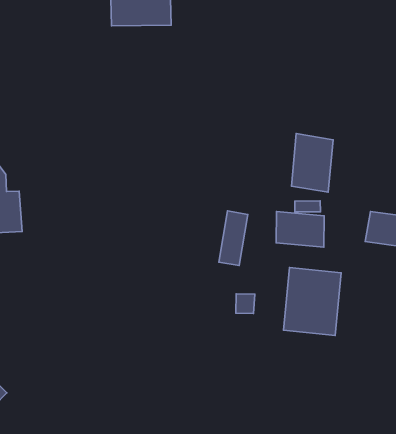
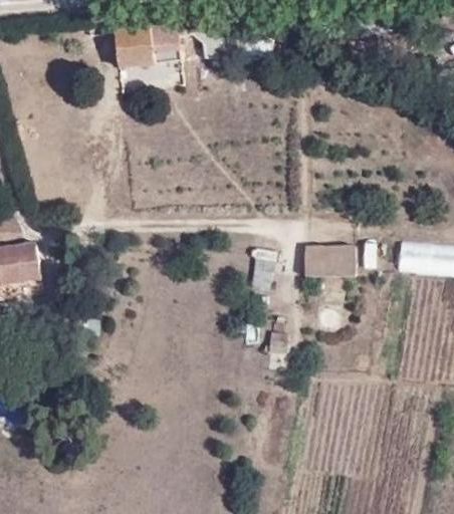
building: [291,134,333,192] -> none
building: [284,267,341,335] -> none

